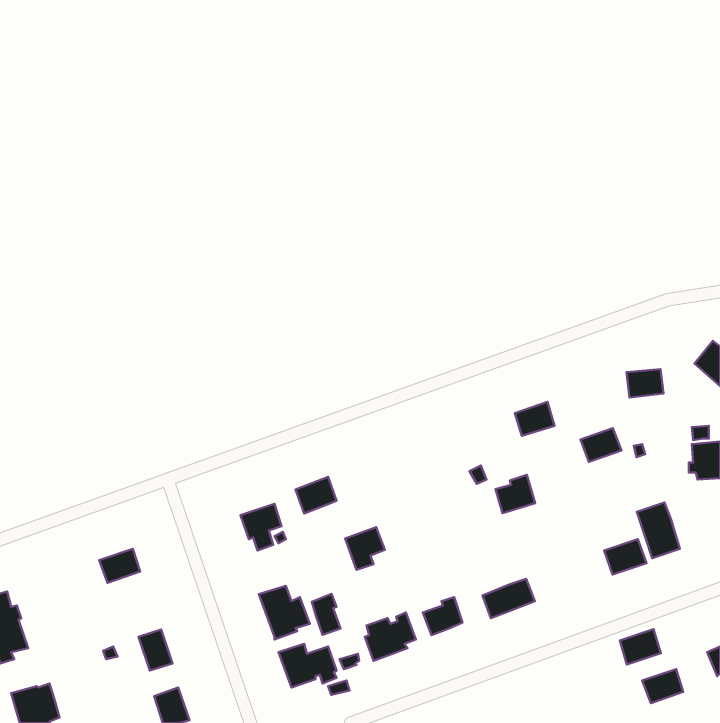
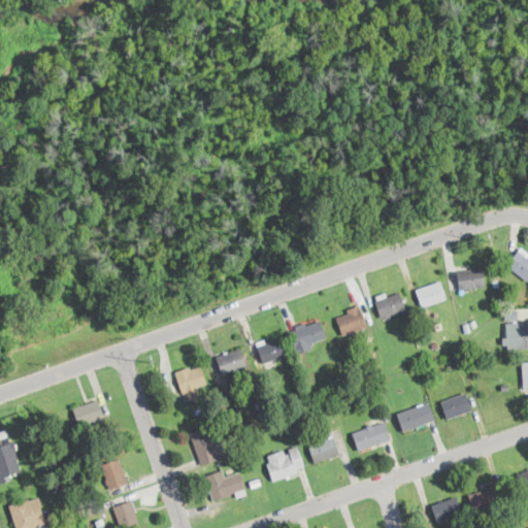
building: [580,428,621,462] -> [415,282,444,306]
building: none -> [289,321,325,353]
building: [496,475,535,513] -> [336,307,365,335]
building: [637,502,680,558] -> none
building: [345,527,385,570] -> [257,338,286,369]
building: none -> [397,404,434,431]
building: [312,594,340,635] -> none
building: [620,629,661,665] -> [431,496,461,522]

